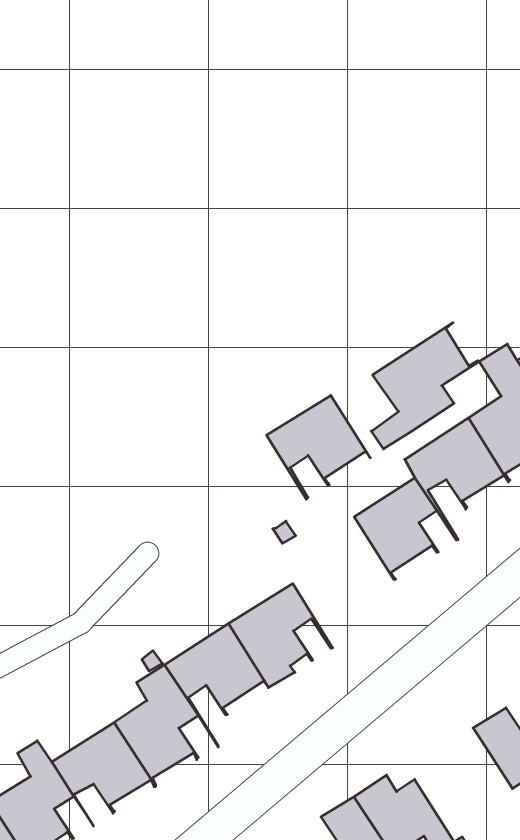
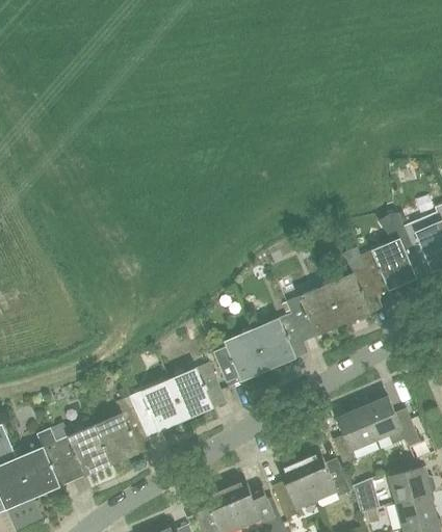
building: [371,323,479,449] -> none
building: [267,395,370,499] -> [212,330,269,388]
building: none -> [280,462,317,520]

